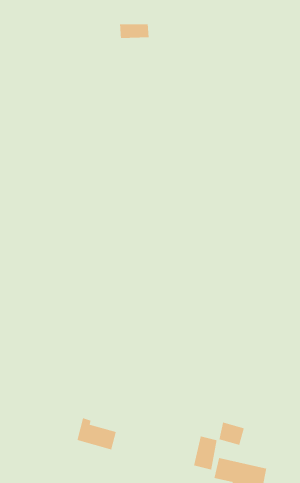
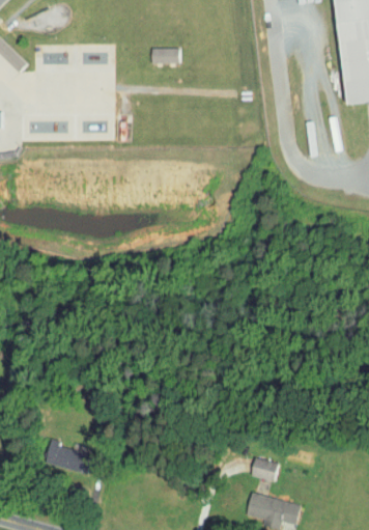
building: [76,417,117,451] -> [45,438,86,472]
building: [193,435,218,471] -> none

